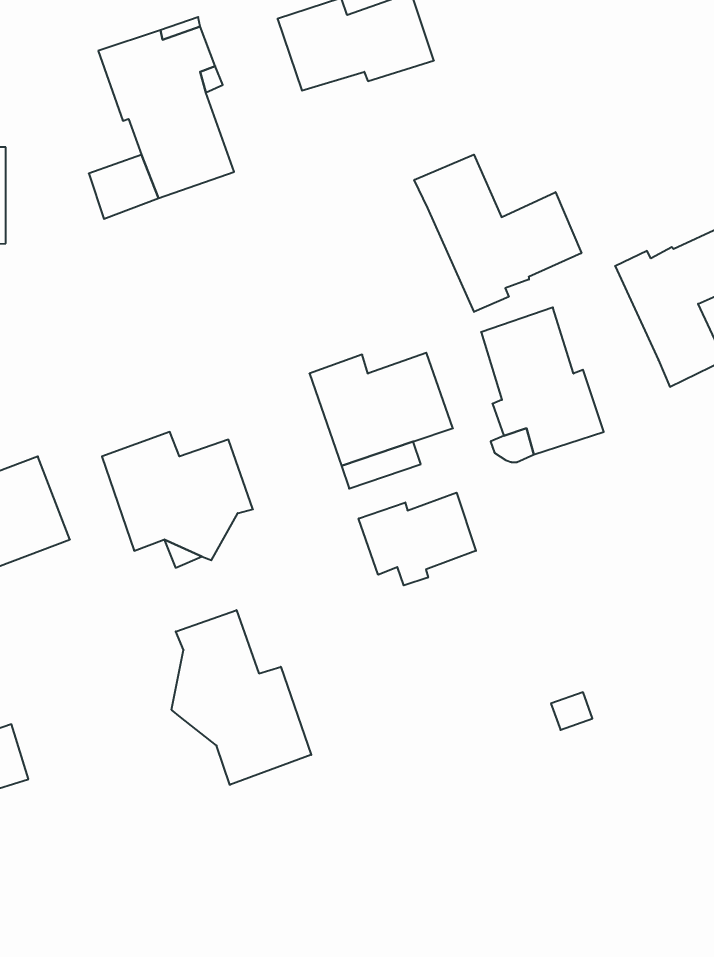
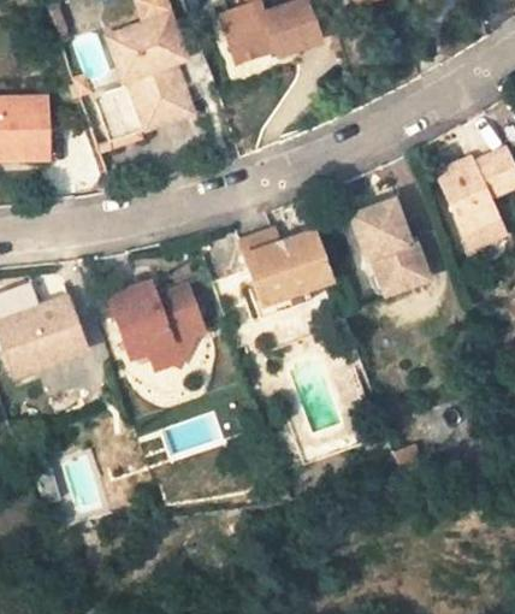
building: [414,155,581,312] -> none
building: [359,493,476,585] -> none
building: [172,610,311,785] -> none

